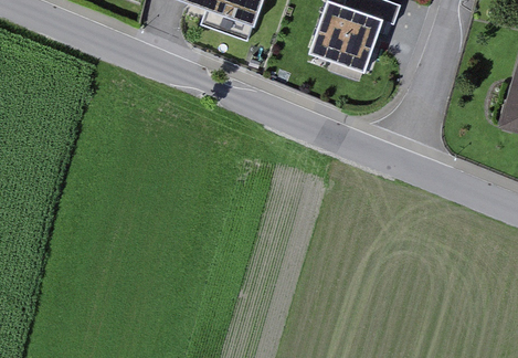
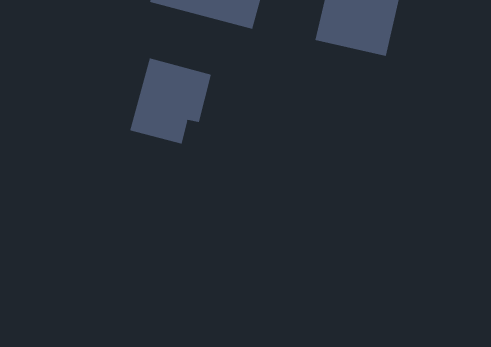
building: none -> [129,57,212,144]

